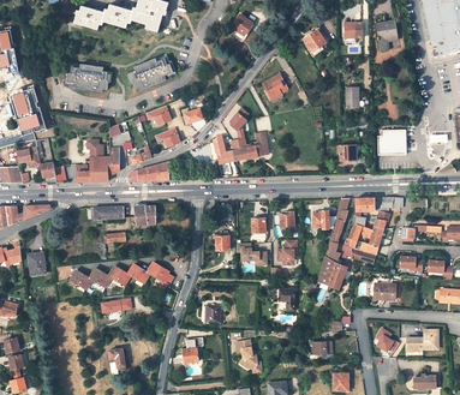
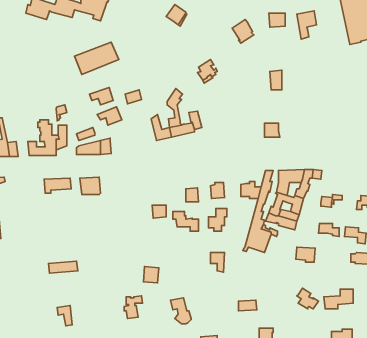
building: [62,64,107,92] -> none
building: [377,130,406,155] -> none
building: [70,262,173,292] -> none

